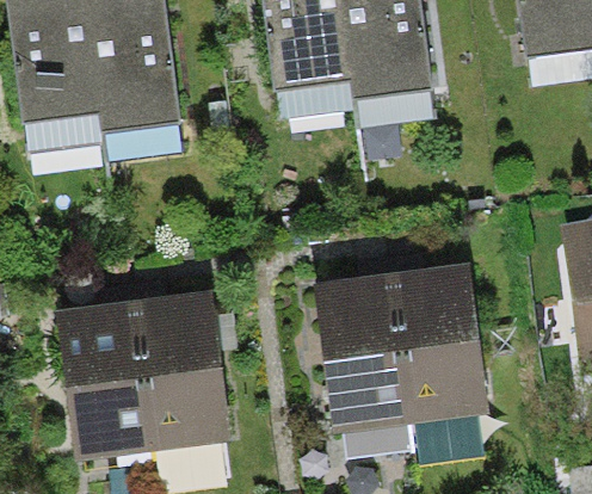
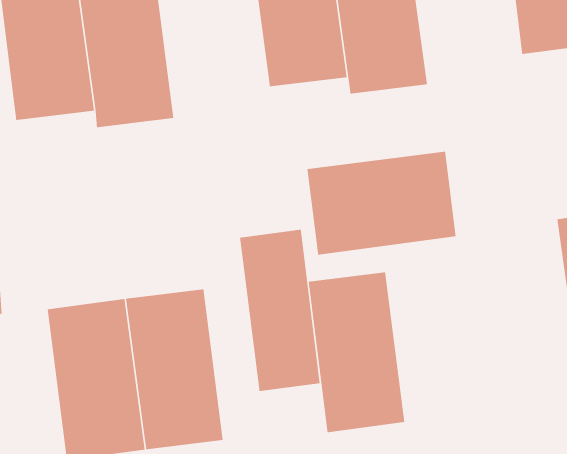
building: none -> [307,151,456,256]
building: none -> [240,229,320,392]
building: [391,264,489,424] -> none

